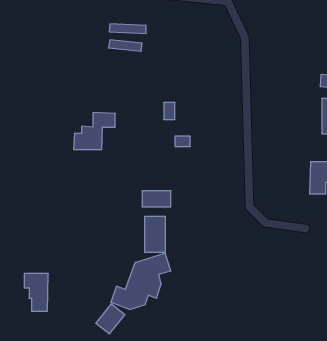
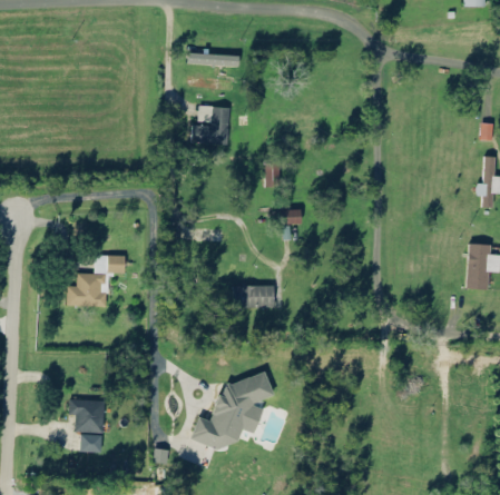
building: none -> [193,105,229,145]
building: [74,113,115,149] -> [66,255,124,306]
building: [145,216,165,253] -> none
building: [96,304,125,334] -> none

